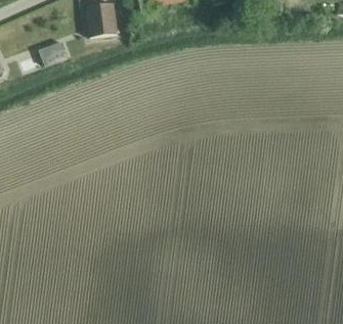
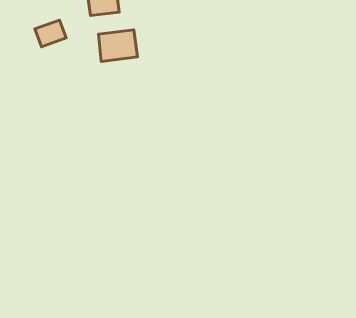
building: none -> [99,30,138,62]

